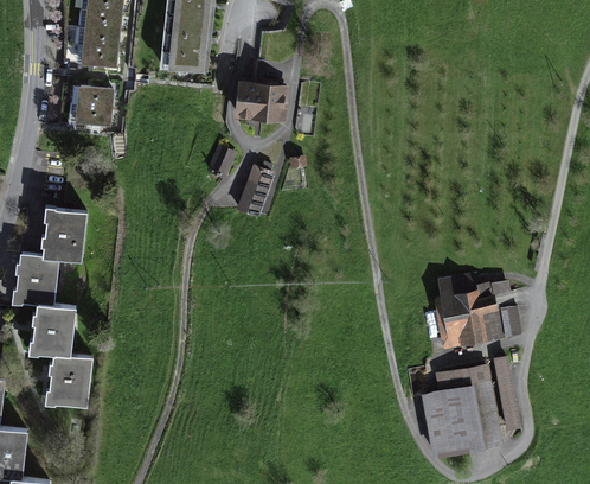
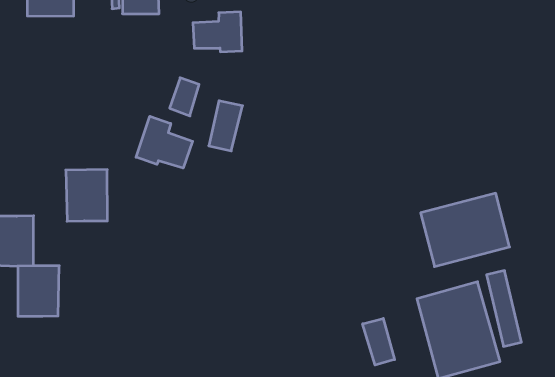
building: [73,85,117,129] -> none
building: none -> [136,116,193,168]
building: [43,206,86,260] -> [66,170,107,221]
building: [53,356,92,402] -> none
building: none -> [363,318,395,365]

